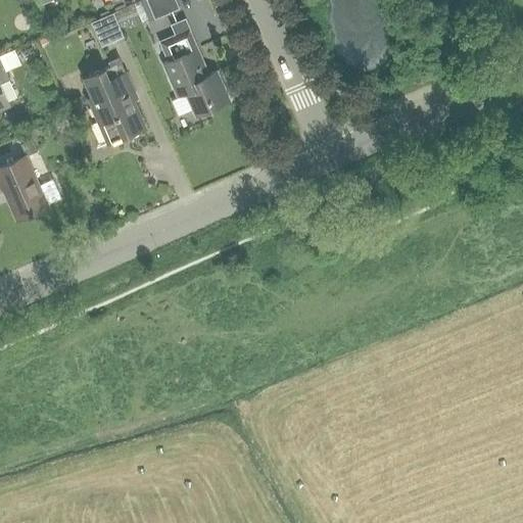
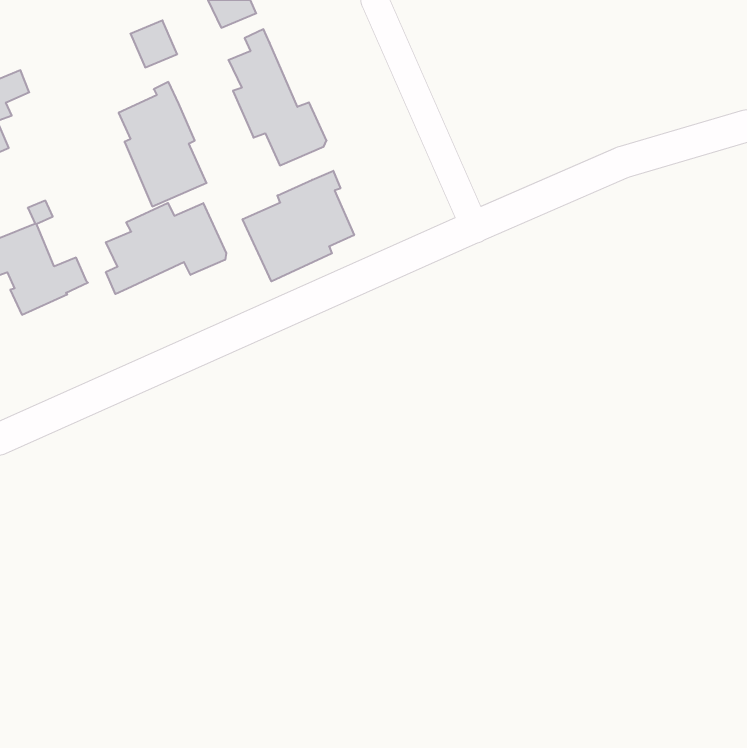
building: none -> [243,171,354,281]
building: none -> [106,203,226,294]

